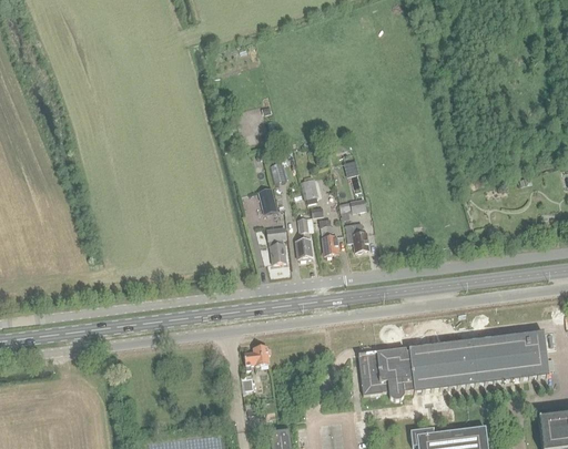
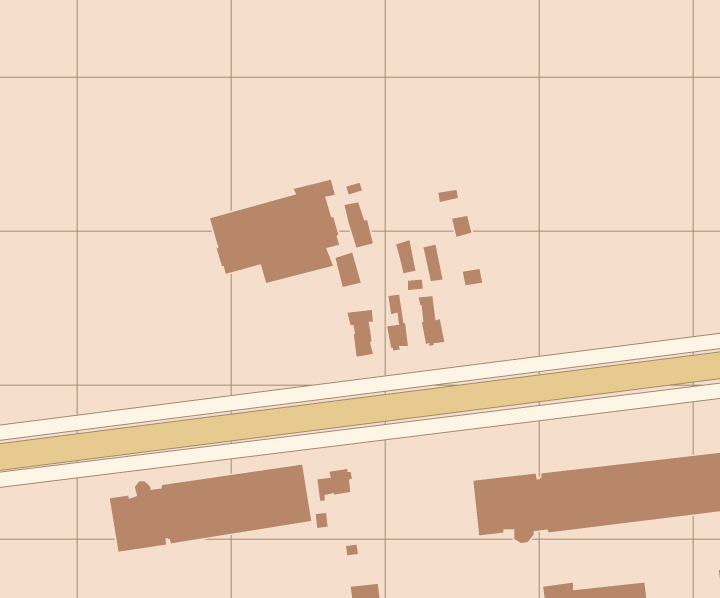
building: none -> [209,179,340,284]
building: [345,220,368,251] -> none
building: none -> [109,464,312,553]

